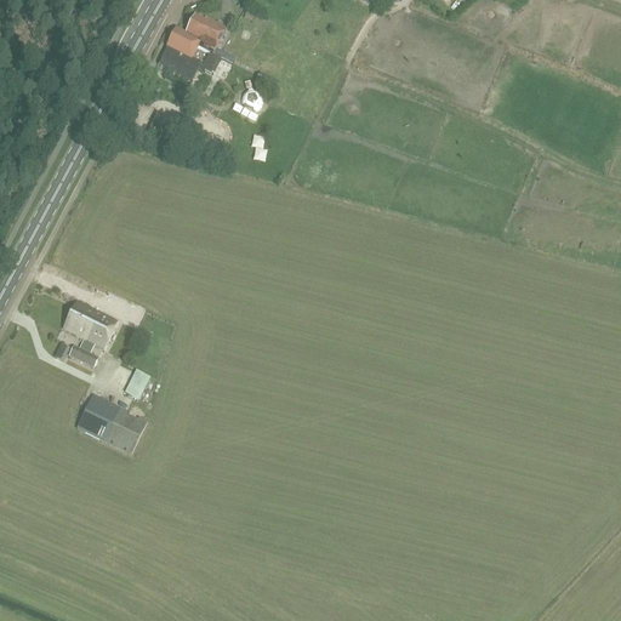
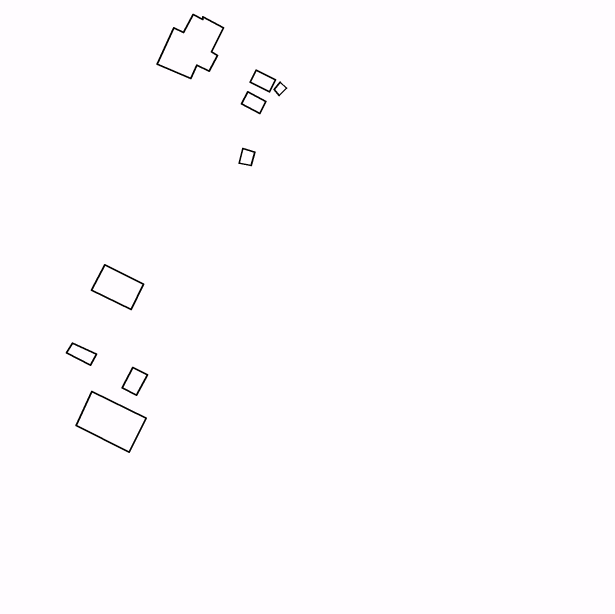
building: [62,301,114,346] -> [91,265,143,310]

